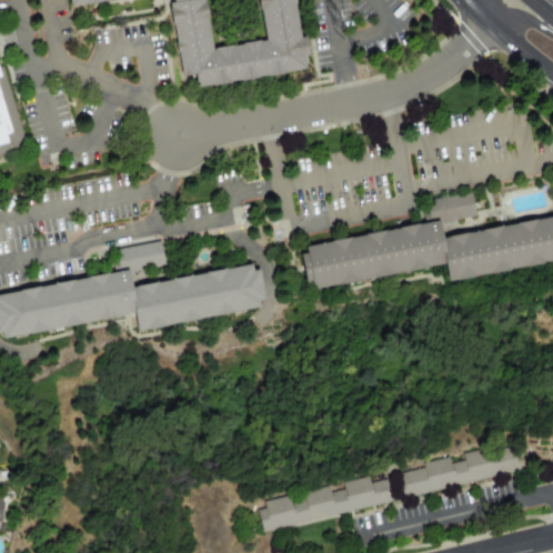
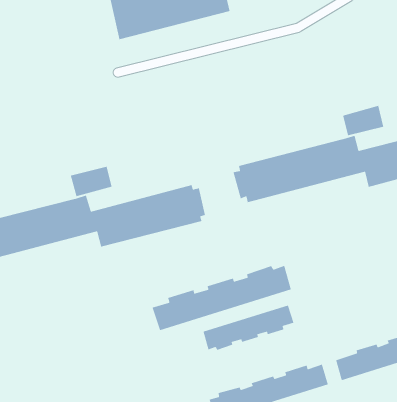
building: none -> [151,265,292,331]
building: none -> [202,304,295,351]

